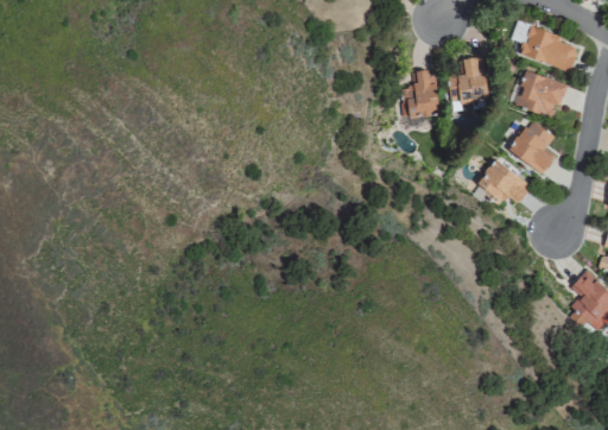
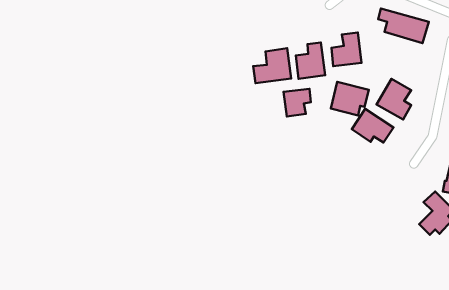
building: [517,71,568,116] -> [331,82,369,116]
building: none -> [253,48,291,83]
building: none -> [284,89,311,117]

